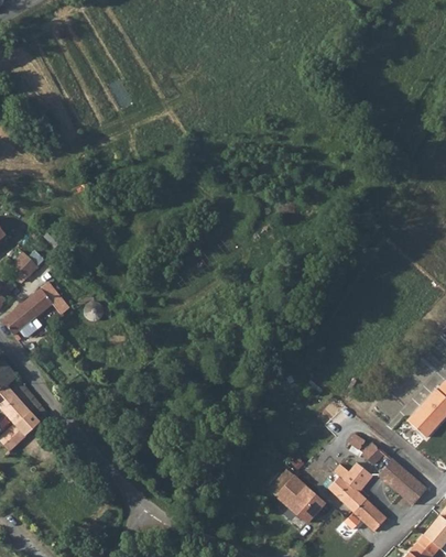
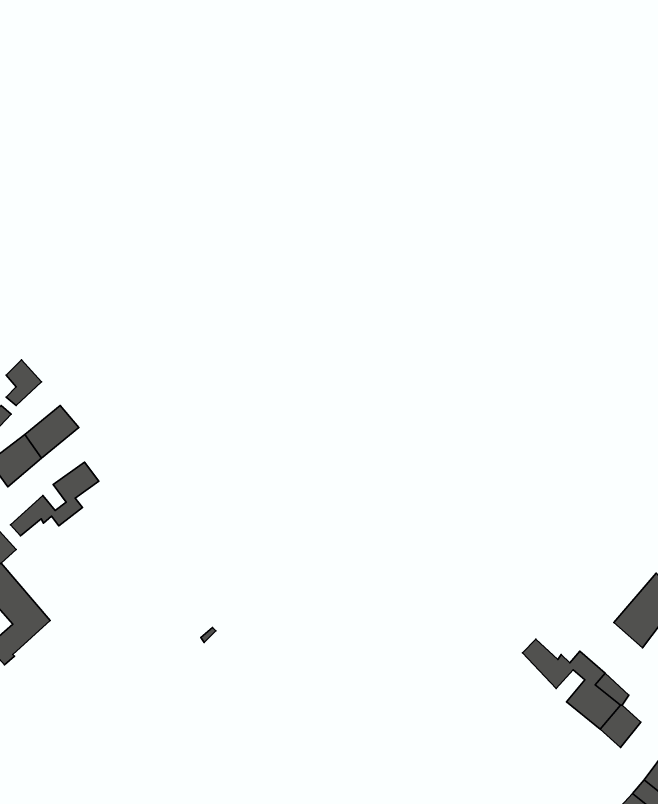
building: none -> [11,462,99,536]
building: [323,462,385,532] -> none
building: [274,473,322,522] -> none

